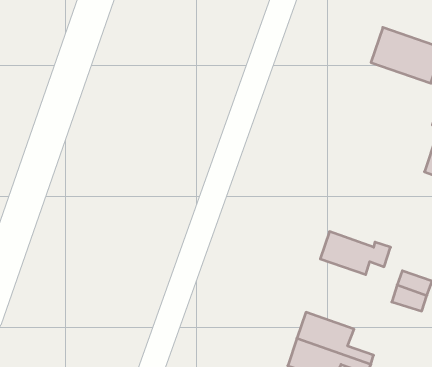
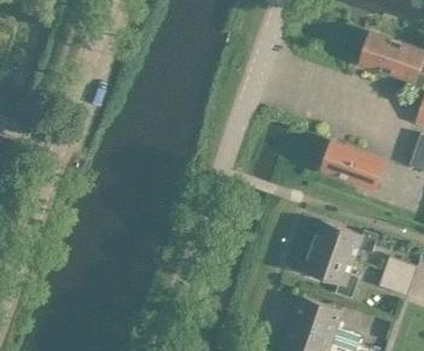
building: none -> [319,140,384,191]
building: none -> [302,246,358,298]

